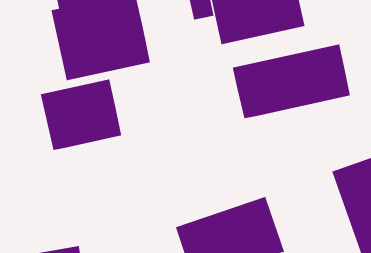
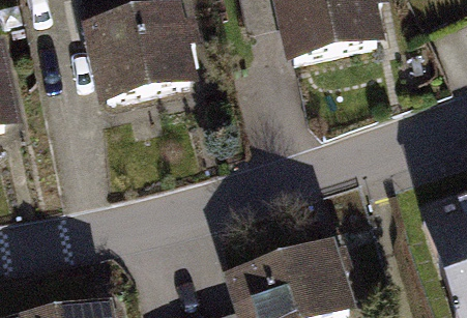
building: [232,43,351,119] -> none
building: [40,78,122,151] -> none

